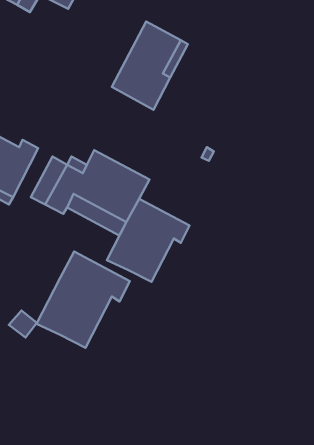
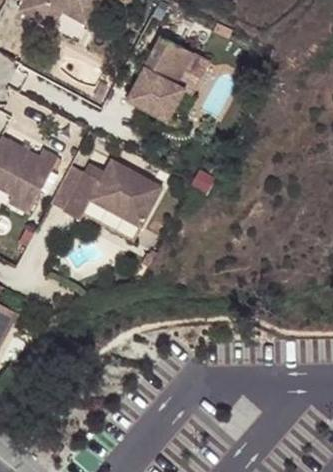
building: [107,199,190,282] -> none
building: [36,252,130,348] -> none

